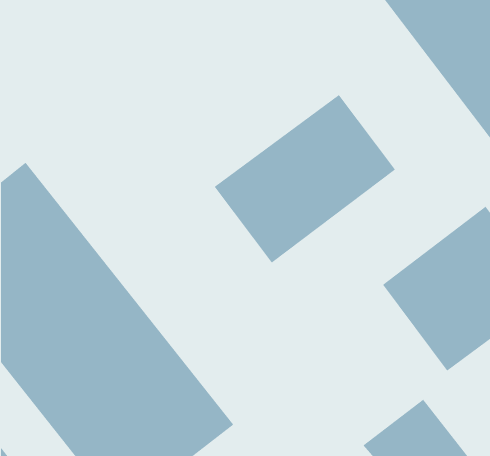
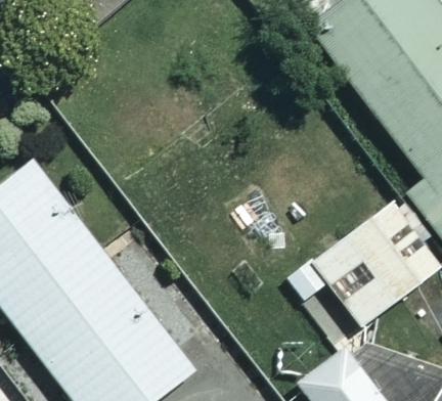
building: [214,94,396,264] -> none

